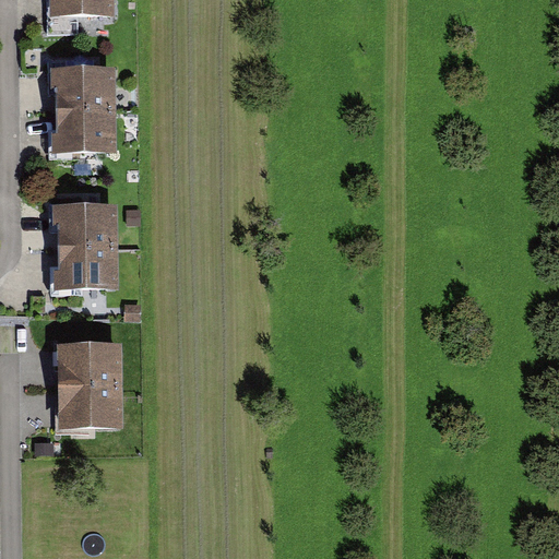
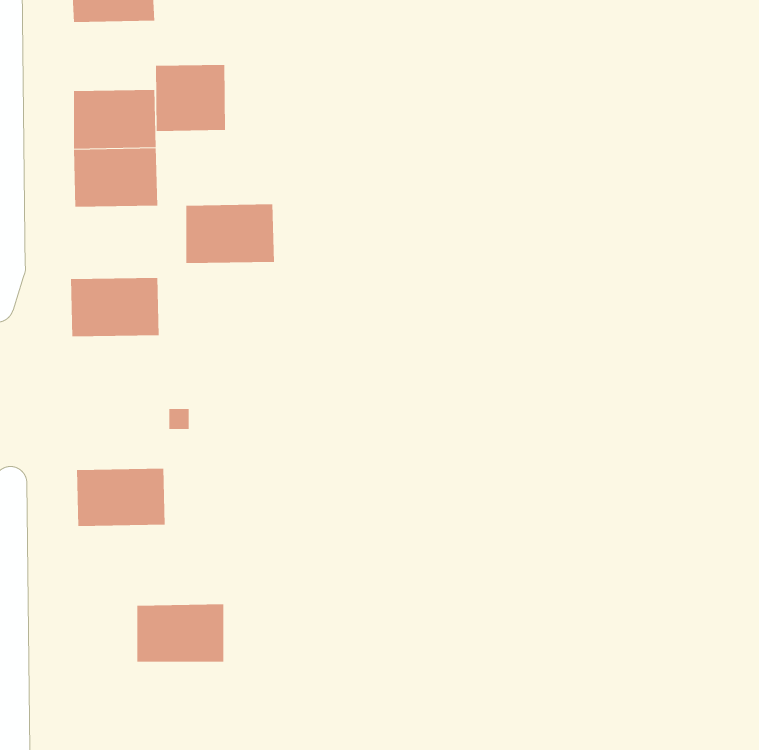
building: none -> [155,64,226,132]
building: [52,246,118,289] -> [185,204,275,264]
building: [57,384,121,427] -> [136,604,224,662]

